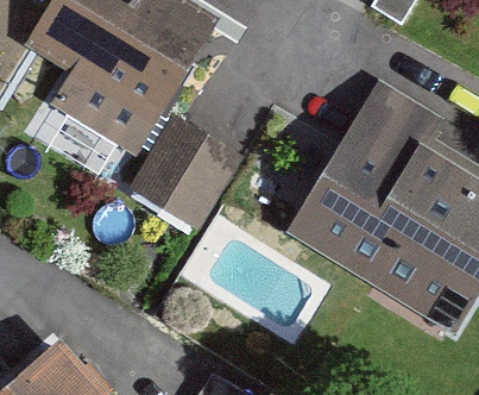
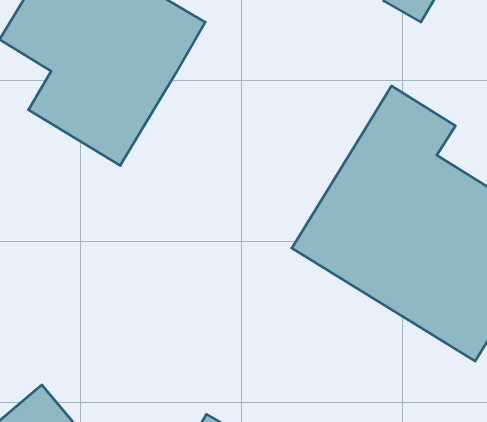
building: [131,117,240,230] -> none

